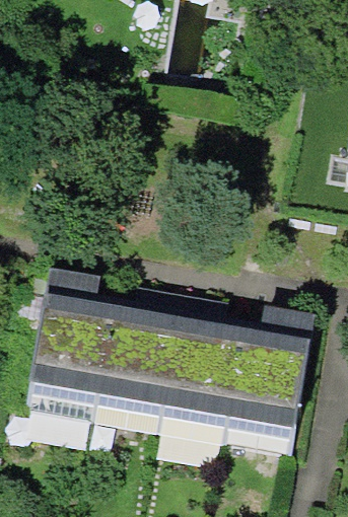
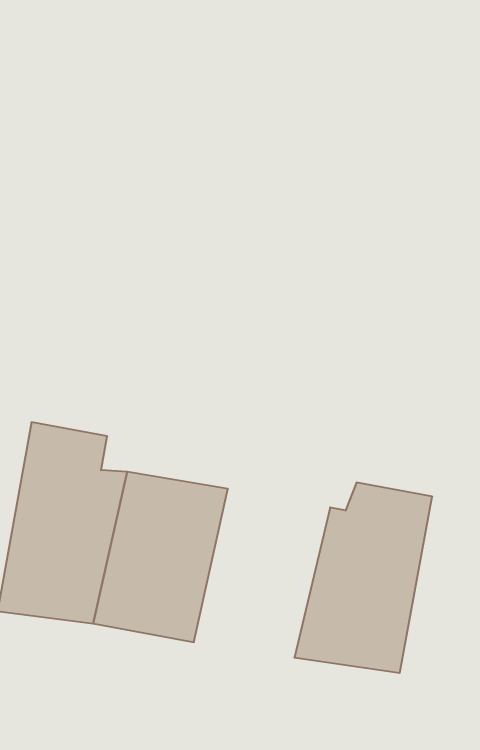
building: [154,337,243,447] -> none

